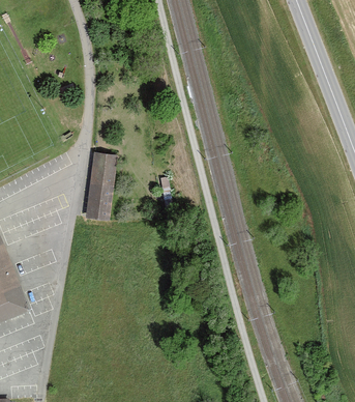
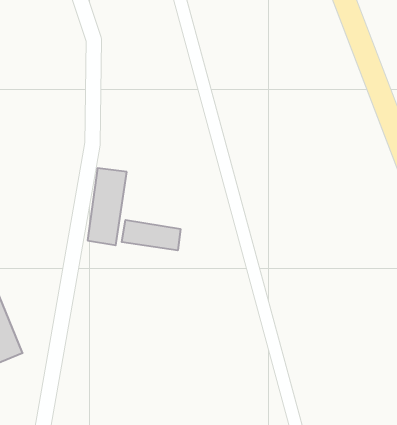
building: none -> [122,220,180,250]

